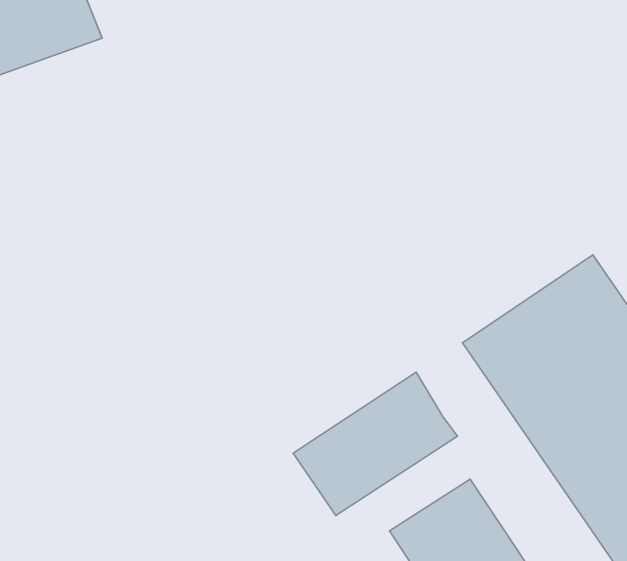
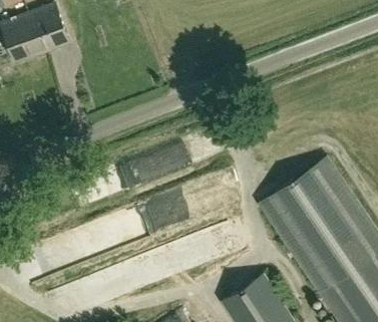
building: [293,372,457,515] -> none

